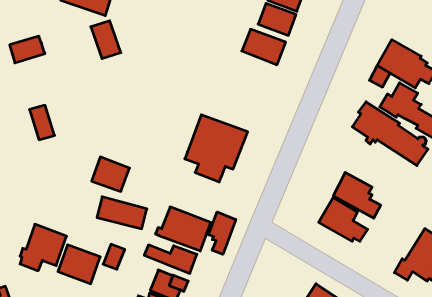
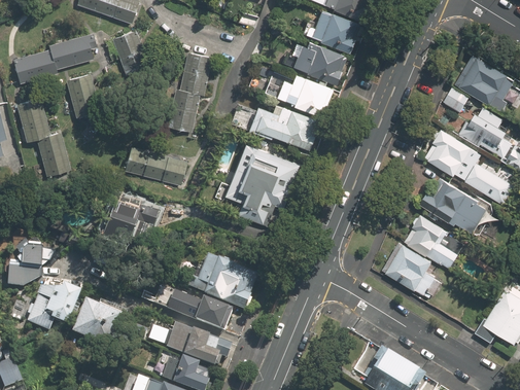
building: none -> [49,33,95,68]
building: none -> [169,52,209,132]
building: none -> [66,73,98,116]
building: none -> [265,73,332,113]
building: none -> [15,97,50,141]
building: none -> [231,102,318,150]
building: none -> [420,177,487,233]
building: [97,197,147,229] -> [126,145,185,183]
building: none -> [8,245,51,285]
building: [209,212,236,254] -> none
building: [103,244,125,269] -> [167,323,193,353]

